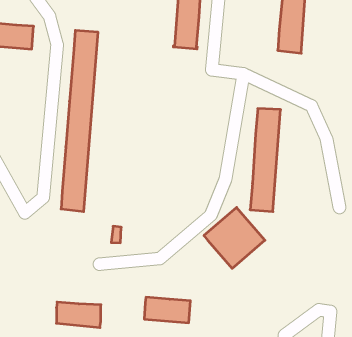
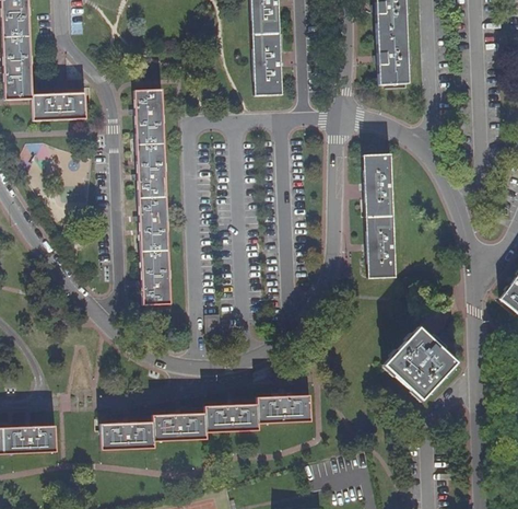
building: [204,207,265,268] -> [385,325,458,398]
building: none -> [204,403,259,431]
building: none -> [101,421,154,450]

